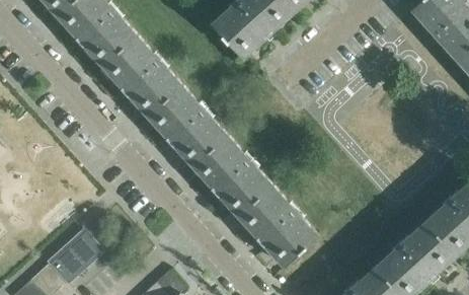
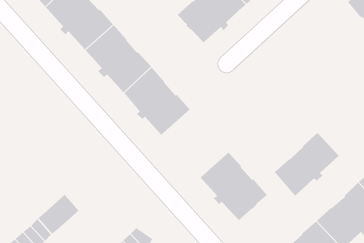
building: [193,136,272,216] -> none
building: none -> [274,132,339,196]

